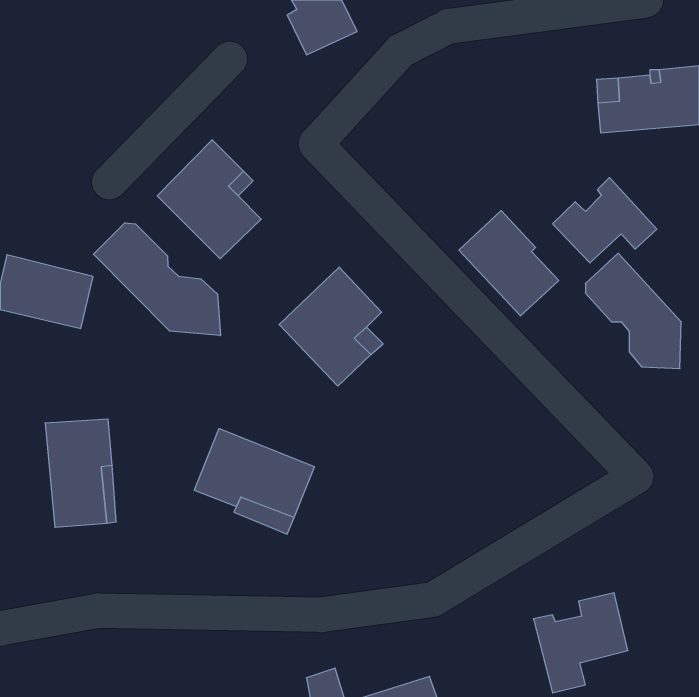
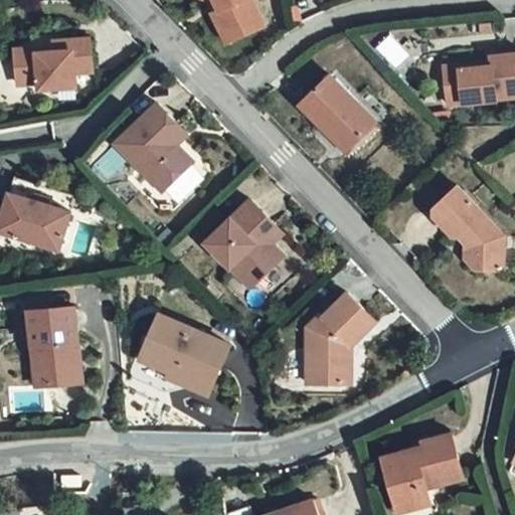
building: none -> [11,40,88,89]
building: [553,178,657,263] -> none
building: [459,211,559,316] -> [297,76,370,154]
building: [93,223,220,336] -> none
building: none -> [300,294,372,386]

